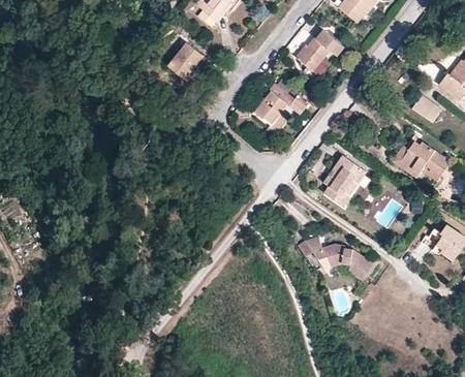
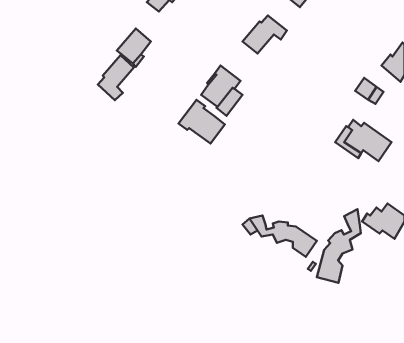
building: none -> [98,55,134,100]
building: none -> [179,100,225,143]
building: [324,153,367,205] -> none
building: none -> [317,209,361,283]

